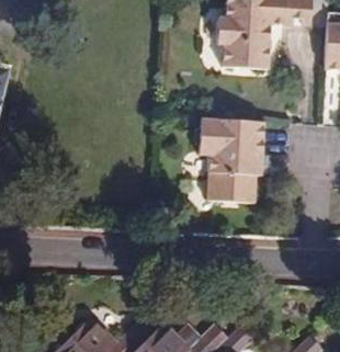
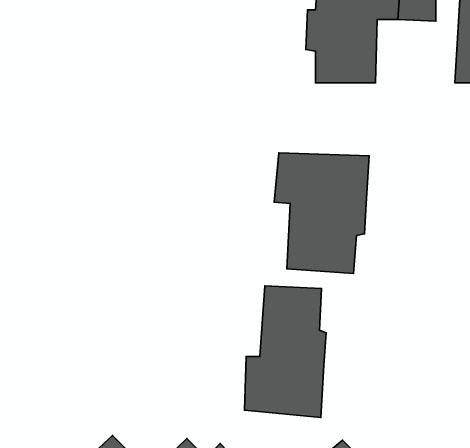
building: none -> [244,286,326,418]

